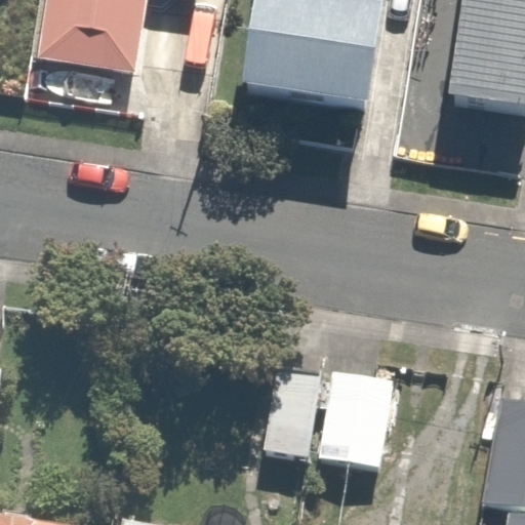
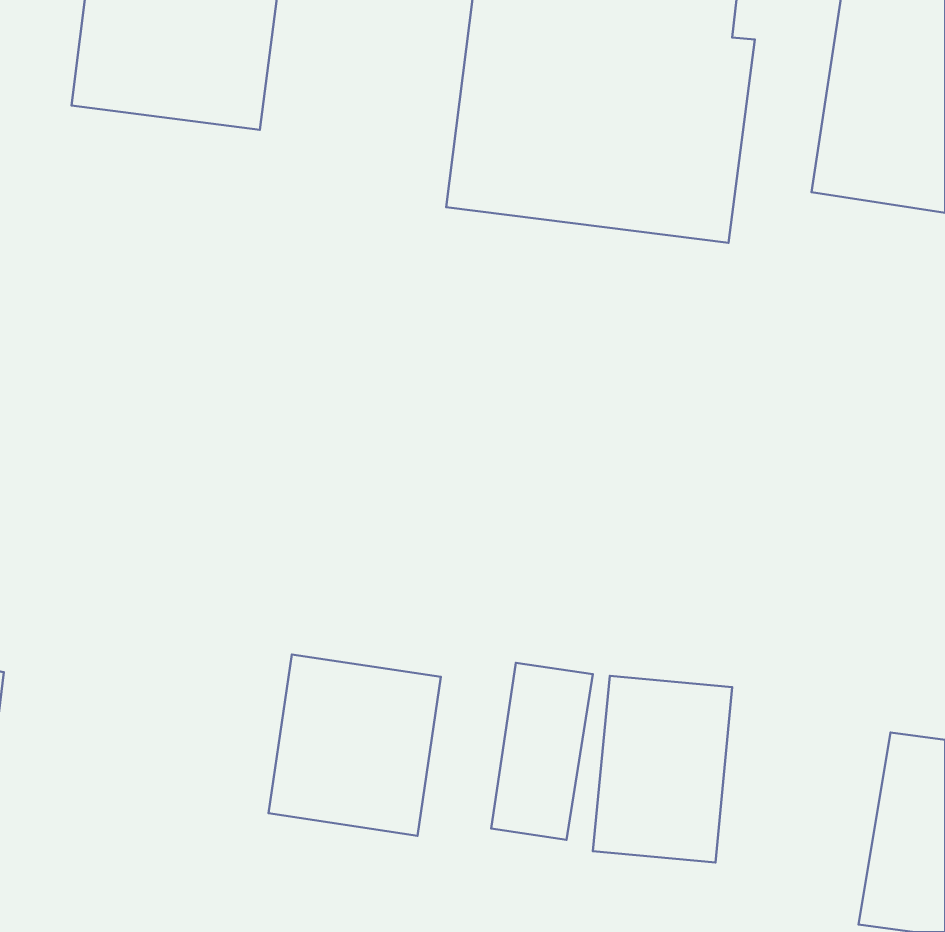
building: none -> [268,654,441,836]

